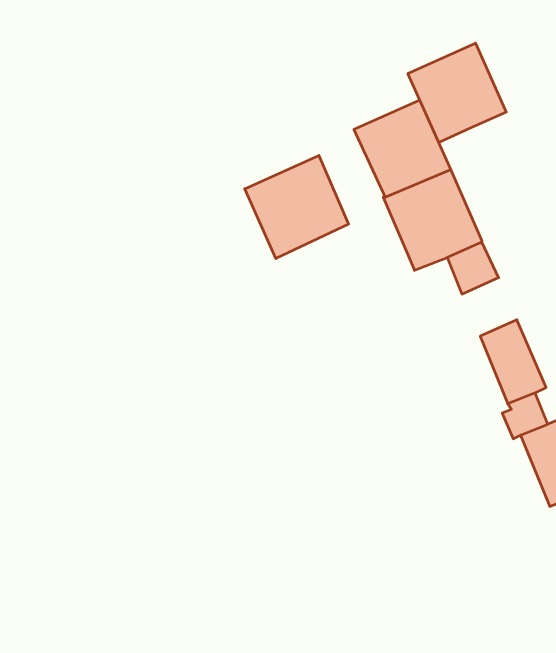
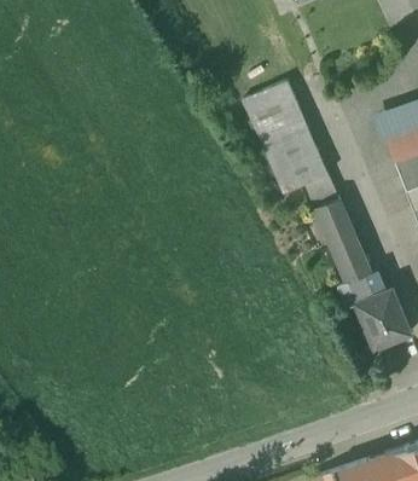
building: [408,43,506,142] -> none
building: [245,155,349,259] -> none
building: none -> [315,199,352,238]

